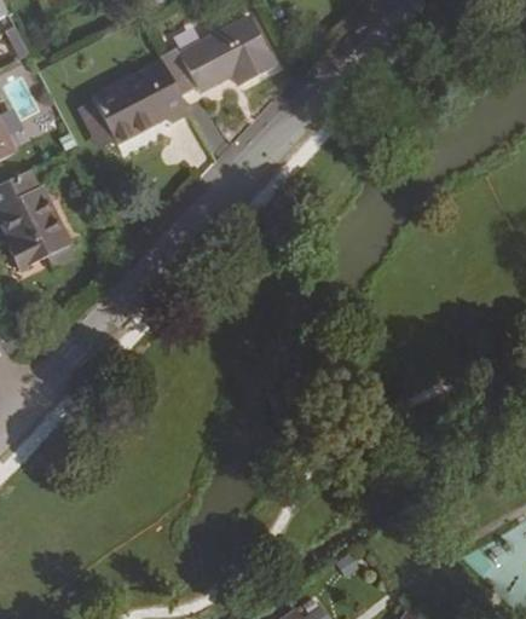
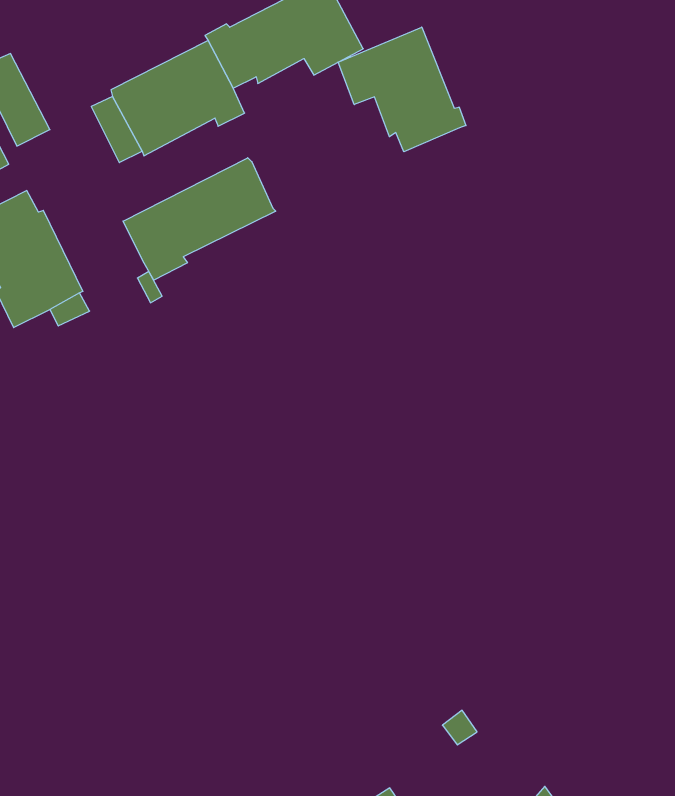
building: none -> [338,27,466,152]
building: none -> [123,158,276,280]

